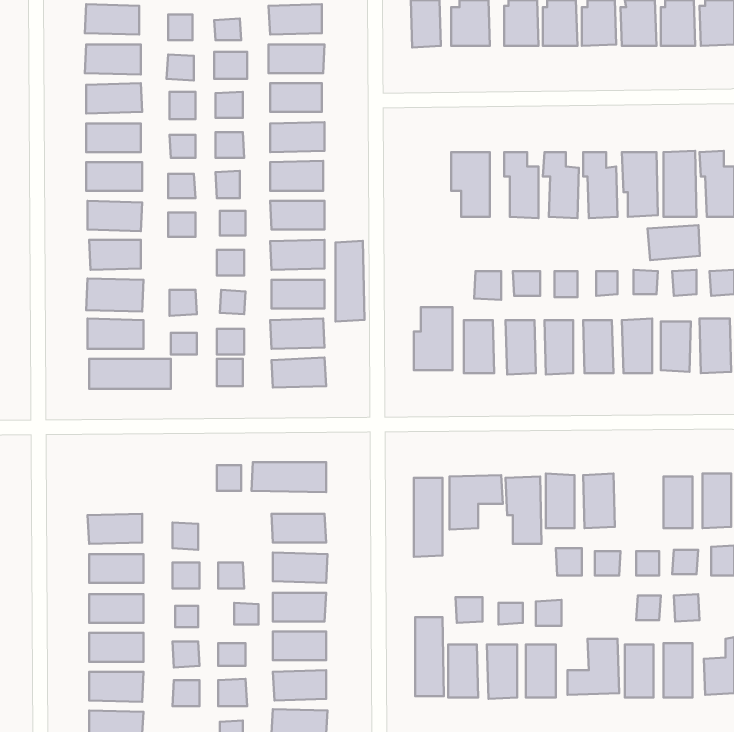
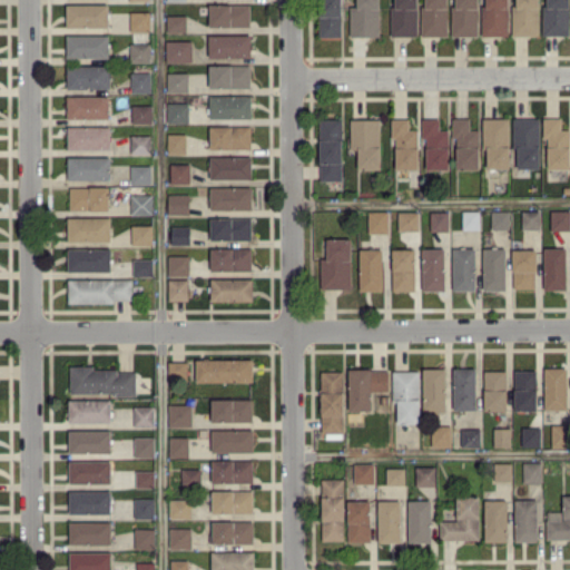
building: [647,225,700,260] -> none
building: [336,241,364,321] -> [320,119,342,181]
building: none -> [130,195,153,215]
building: none -> [70,366,136,394]
building: none -> [484,371,507,411]
building: none -> [168,404,193,428]

